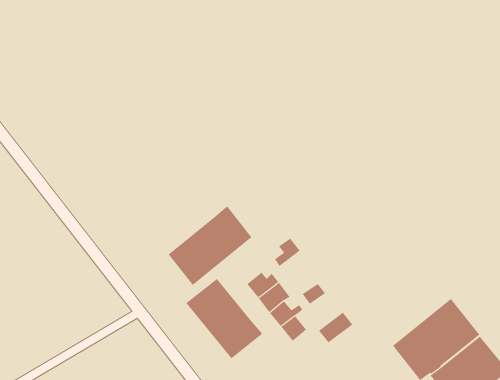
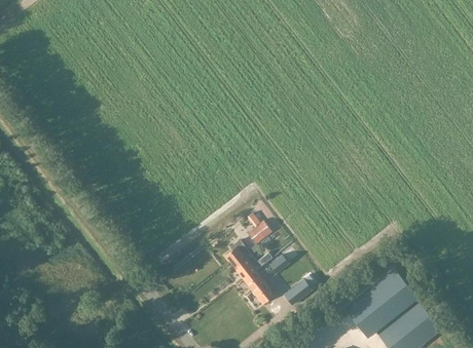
building: [168,206,252,286] -> none
building: [186,278,263,359] -> none

